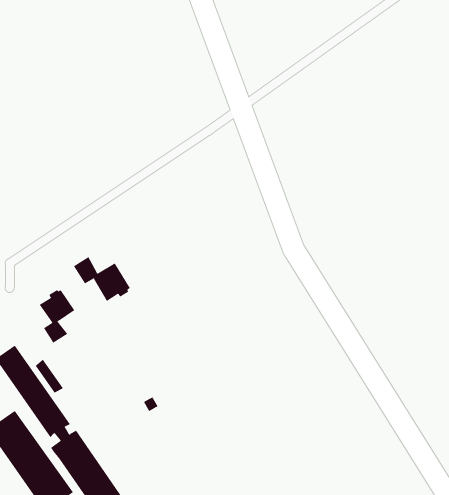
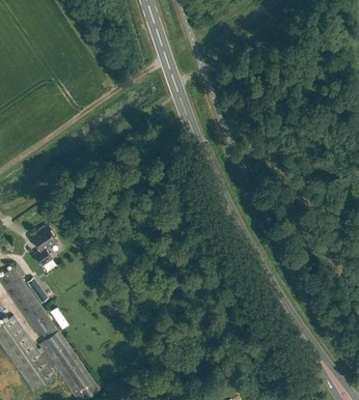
building: [73,256,131,302] -> none

